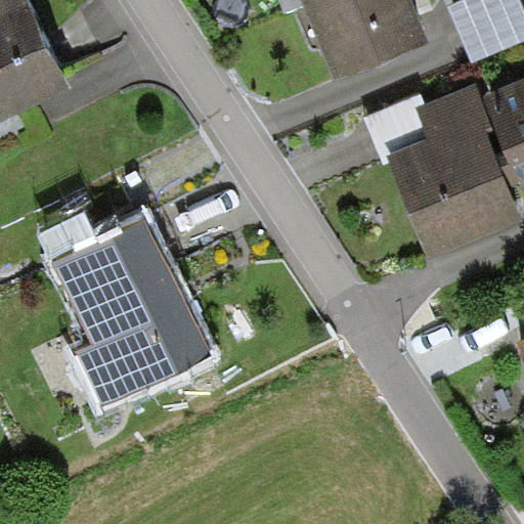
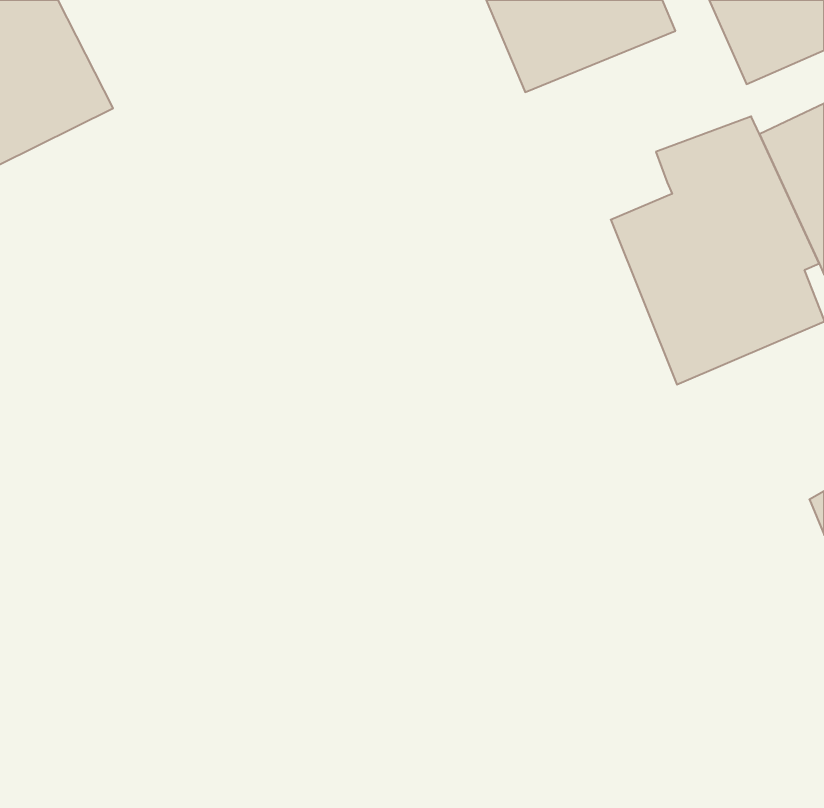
building: [51,217,211,403] -> none

